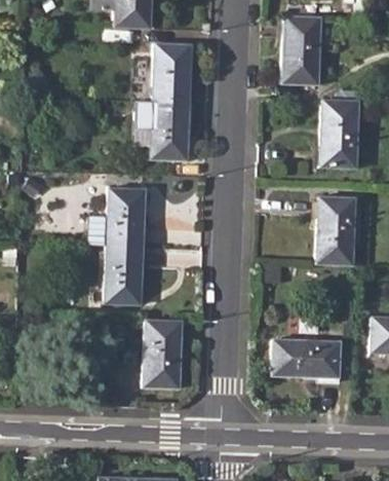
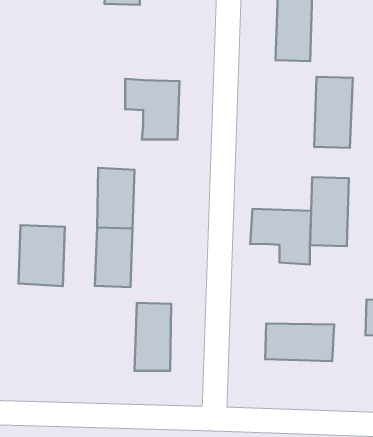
building: [153,42,190,102] -> none
building: none -> [250,209,311,265]
building: none -> [18,225,65,286]

